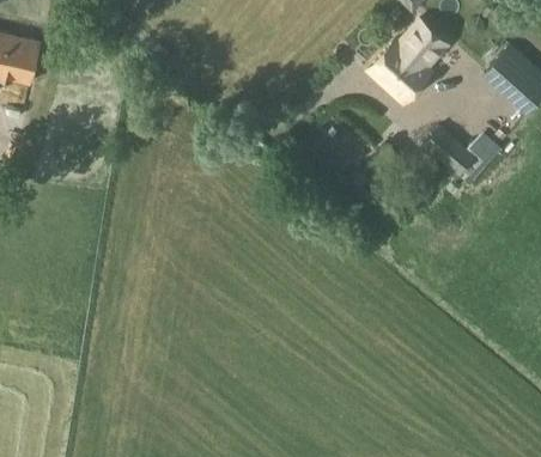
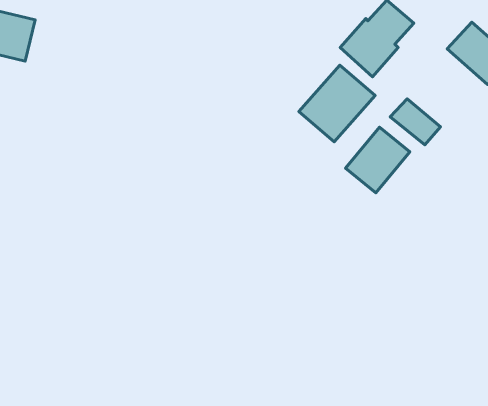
building: none -> [299,65,375,142]
building: none -> [345,127,410,193]

